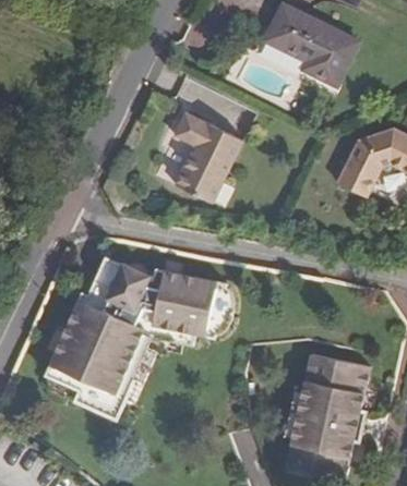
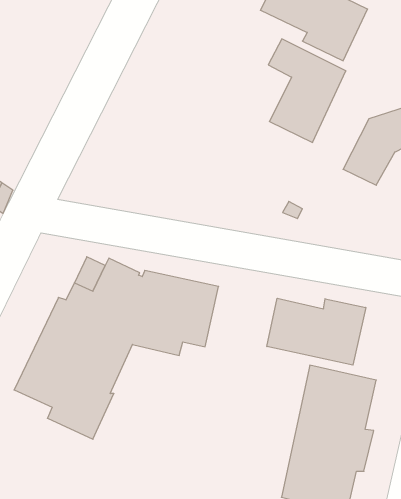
building: [173,109,242,201] -> [268,39,346,142]
building: none -> [267,298,366,365]

